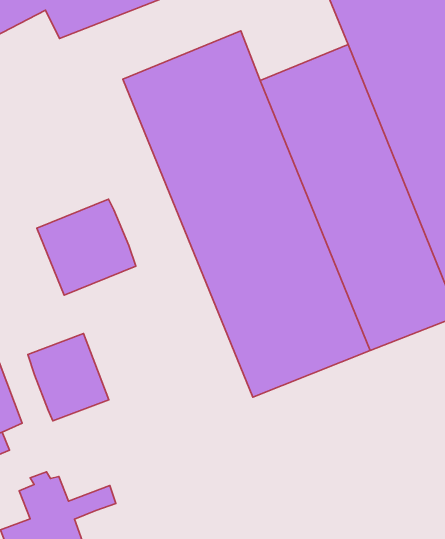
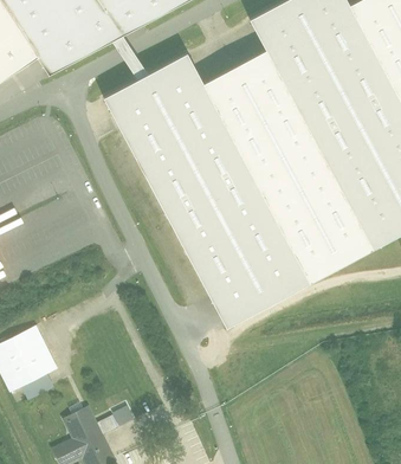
building: [37,199,136,295] -> none
building: [28,334,109,421] -> none

